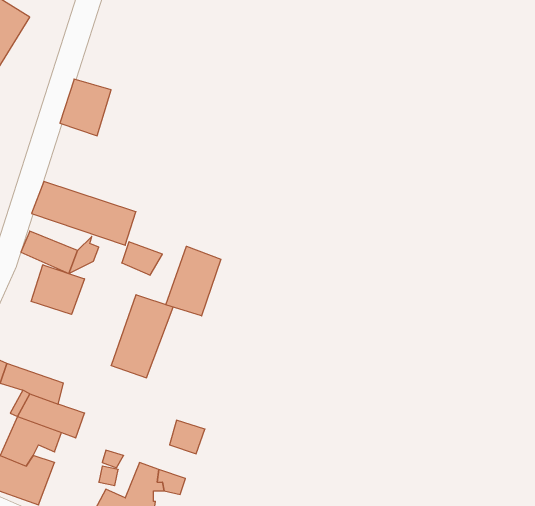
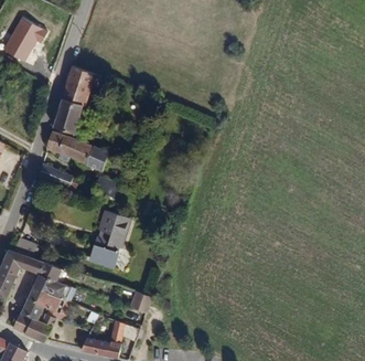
building: none -> [51,102,83,138]
building: [166,246,221,316] -> none
building: [31,265,84,314] -> none

